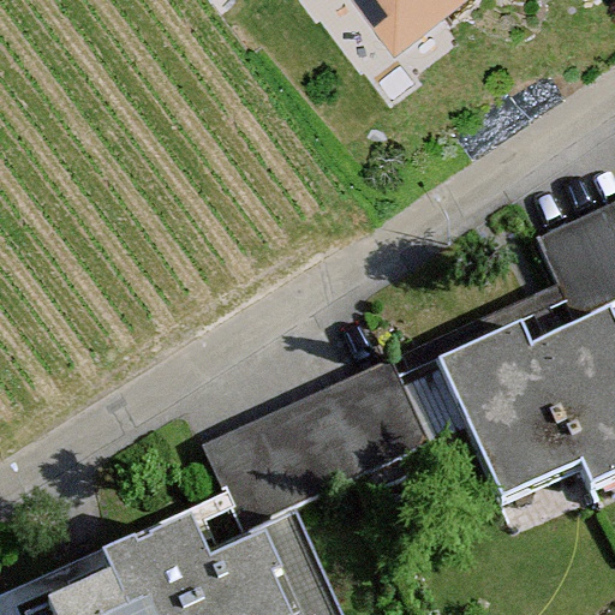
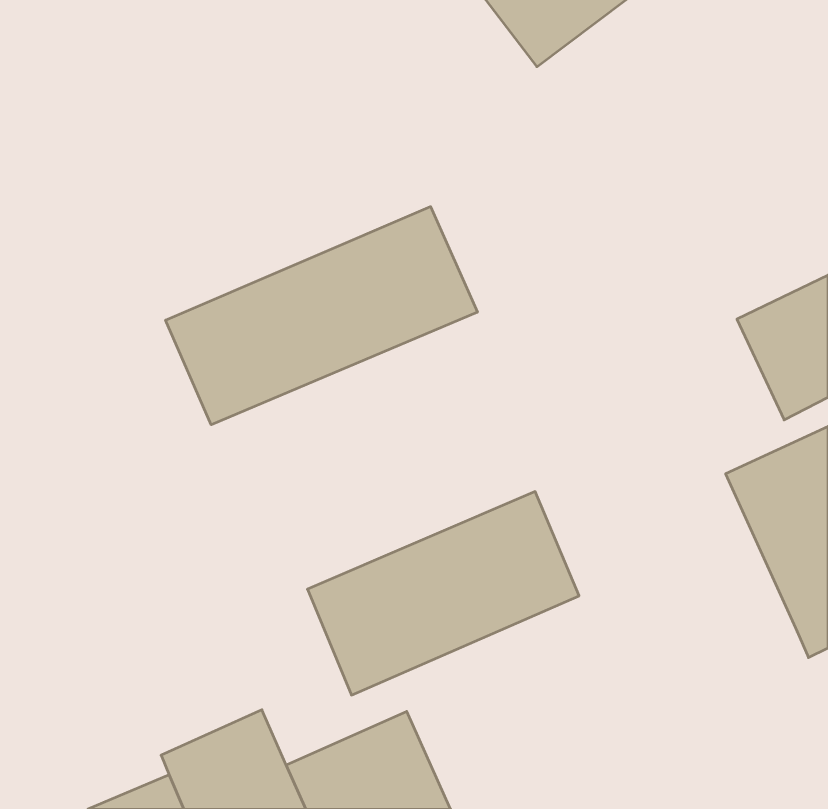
building: none -> [166,207,477,425]
building: [443,328,589,503] -> none

